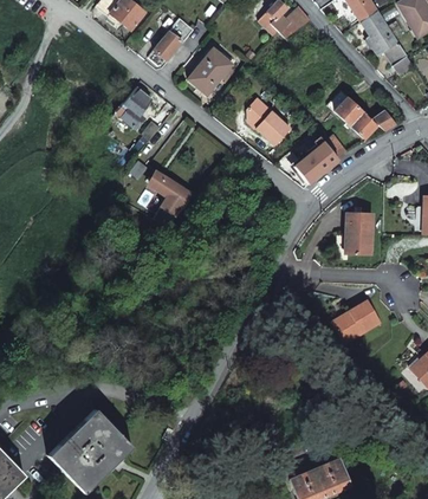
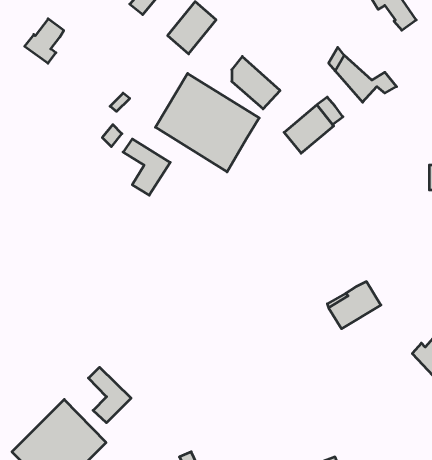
building: [115,89,150,129] -> [25,19,64,63]
building: none -> [155,73,259,172]
building: [345,213,372,254] -> none
building: none -> [88,367,131,423]

